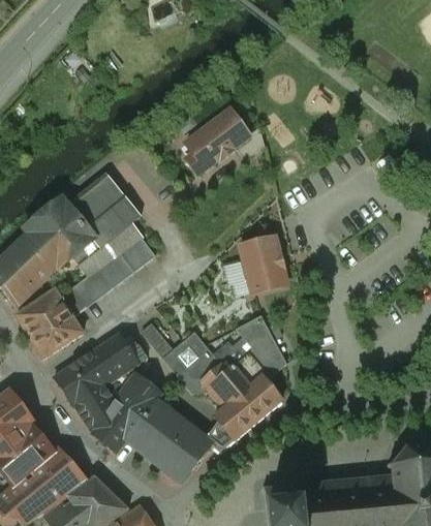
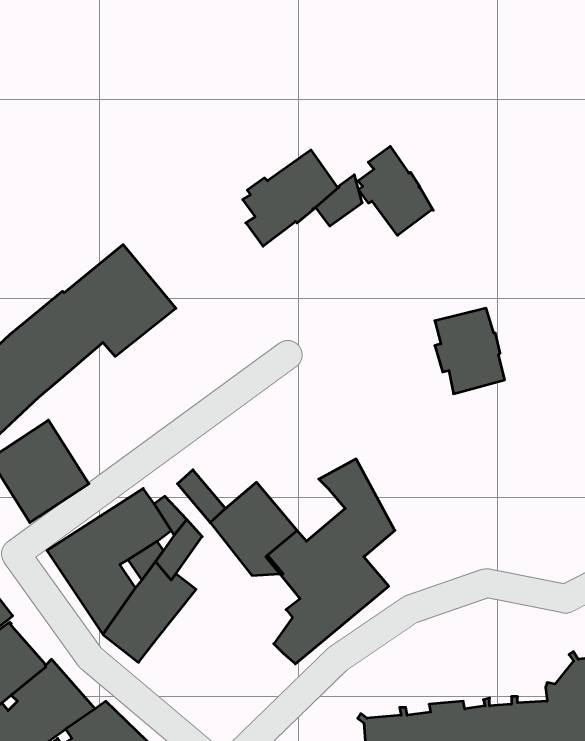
building: none -> [358,146,433,235]
building: [60,237,155,316] -> none
building: [240,238,286,295] -> [435,308,505,394]
building: [126,401,212,483] -> none

